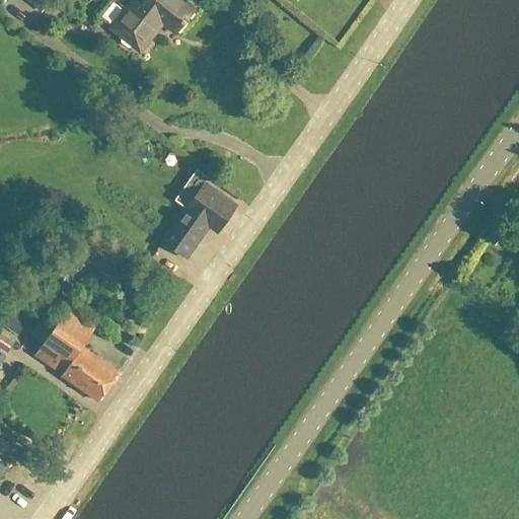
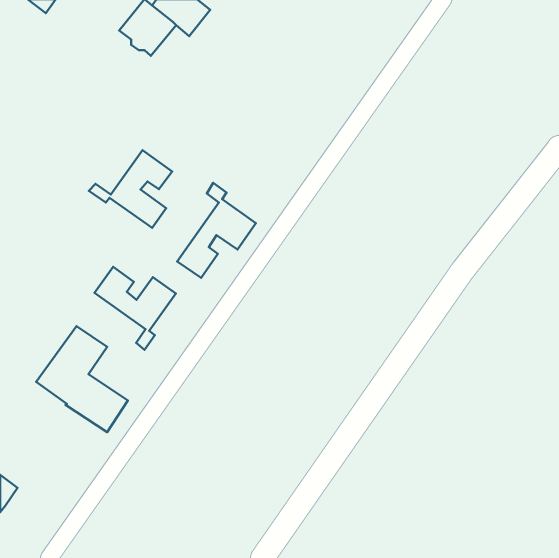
building: none -> [89,150,172,228]
building: none -> [94,267,176,350]

